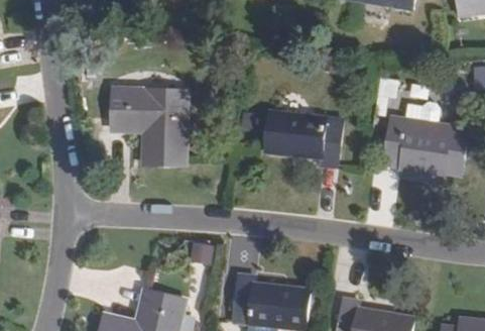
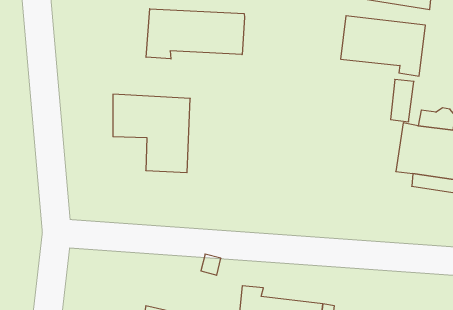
building: none -> [146,9,245,59]
building: [263,111,344,169] -> [341,16,425,76]

